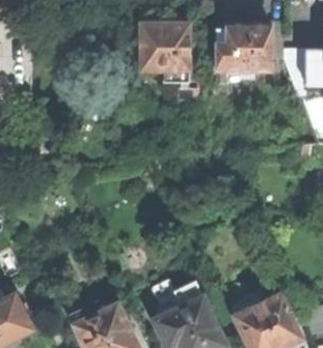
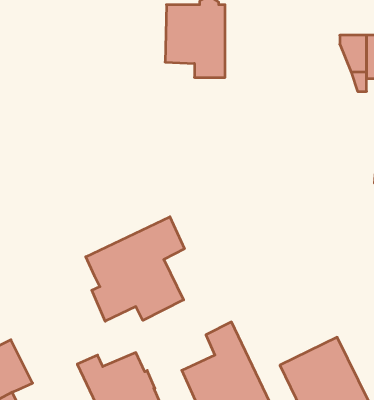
building: [215,24,270,70] -> none
building: none -> [86,217,184,321]

